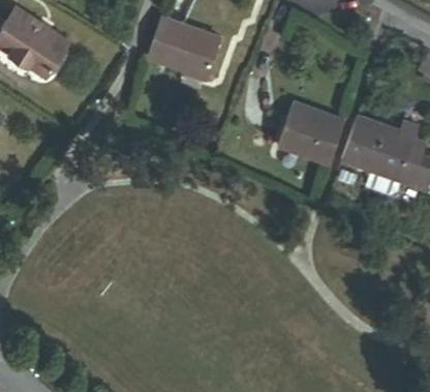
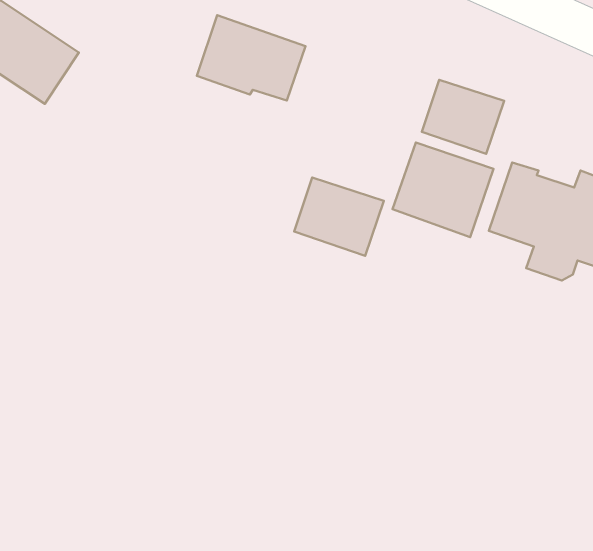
building: none -> [422,80,504,154]
building: none -> [294,177,384,256]

